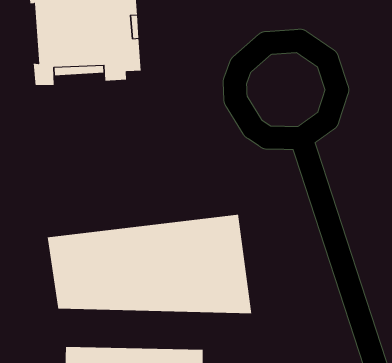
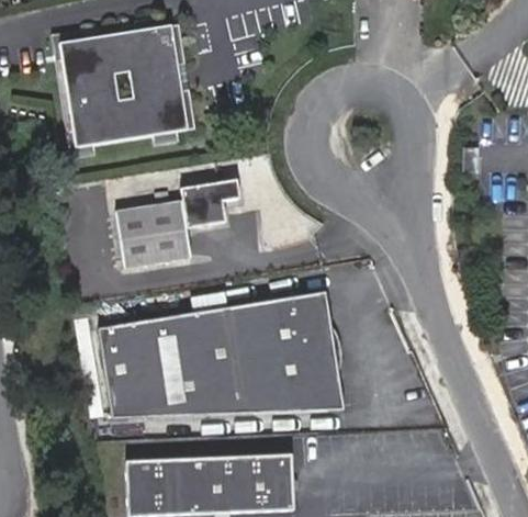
building: none -> [110,186,221,272]

